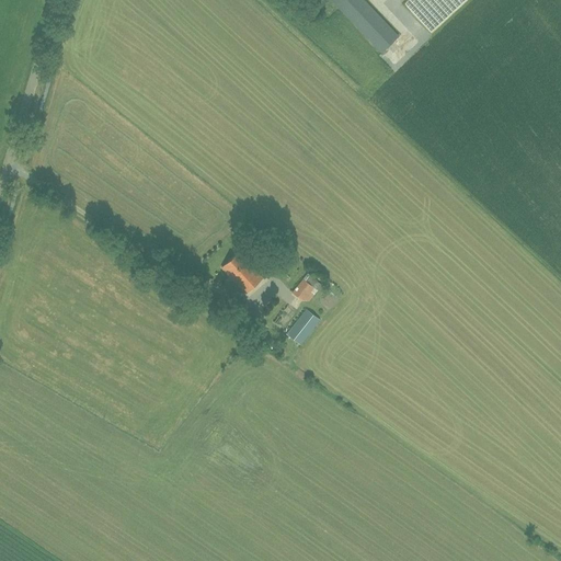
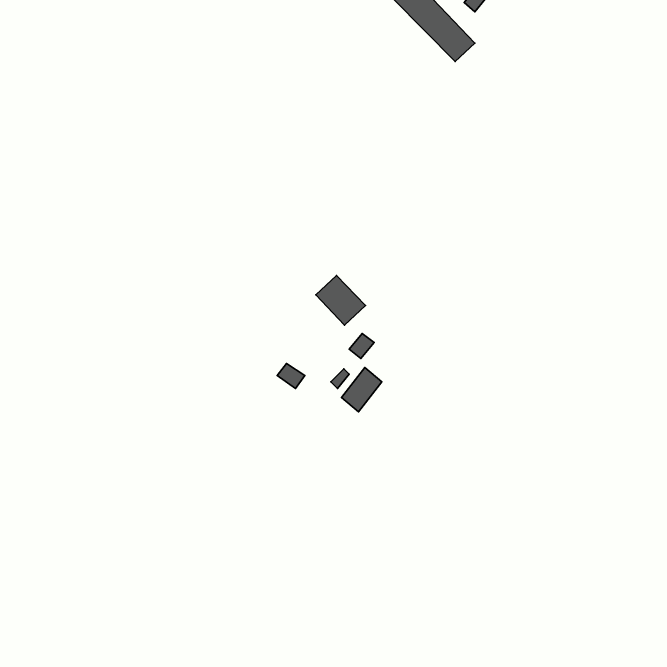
building: [221,251,263,293] -> [316,275,365,325]

